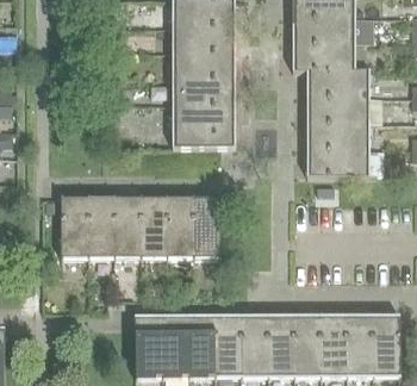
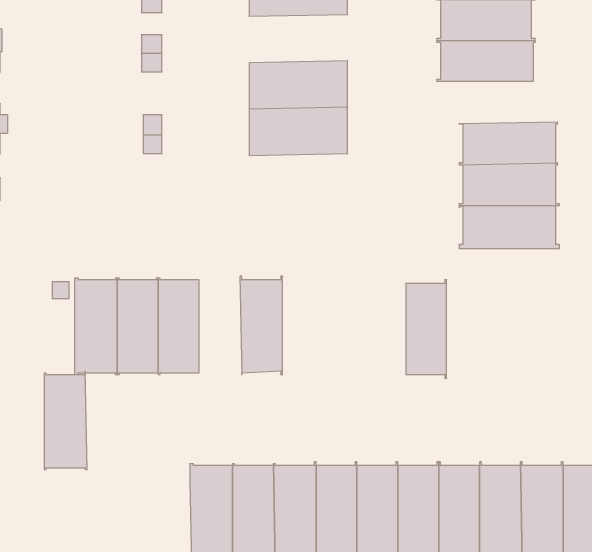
building: [170,26,234,57] -> none
building: [305,69,368,97] -> none
building: [170,116,234,145] -> none
building: [138,194,166,257] -> [44,371,87,470]
building: [192,194,218,257] -> [406,280,447,378]

